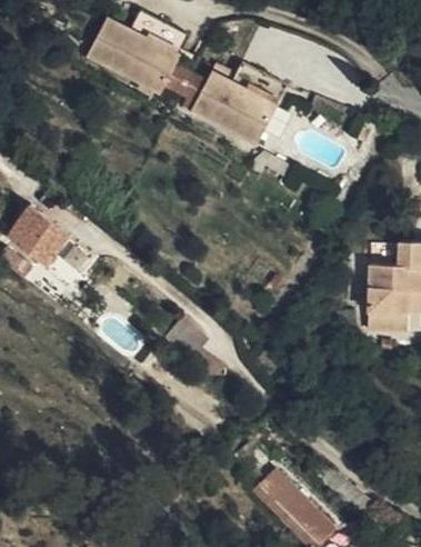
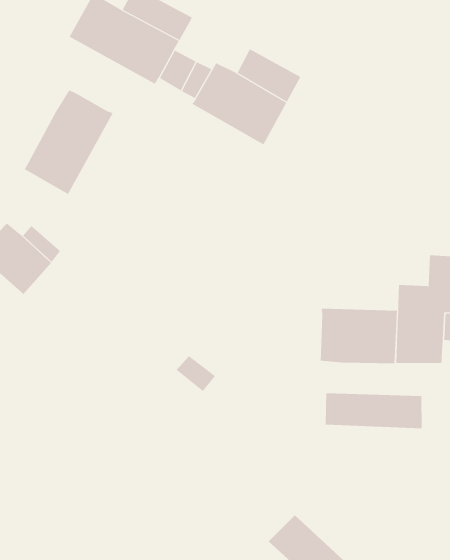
building: none -> [24,89,113,195]
building: none -> [320,308,397,364]
building: none -> [325,392,422,429]

